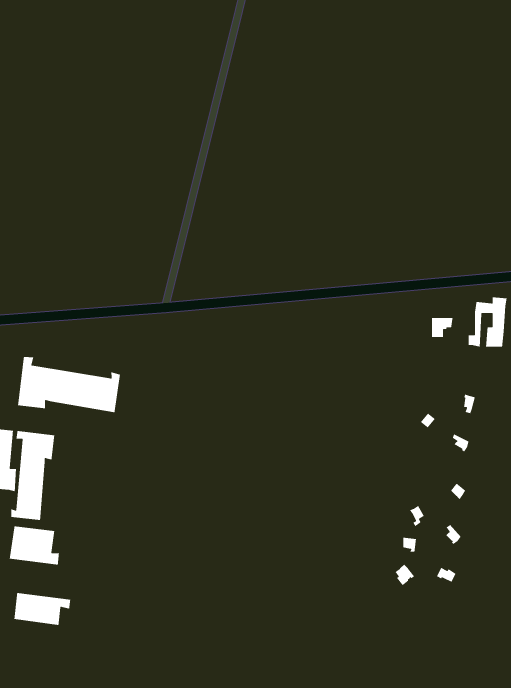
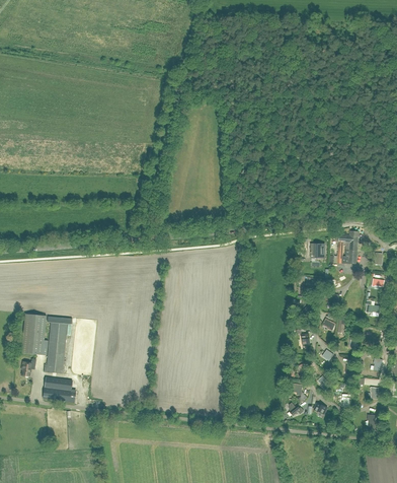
building: [17,356,121,413] -> none
building: [14,592,71,626] -> none

